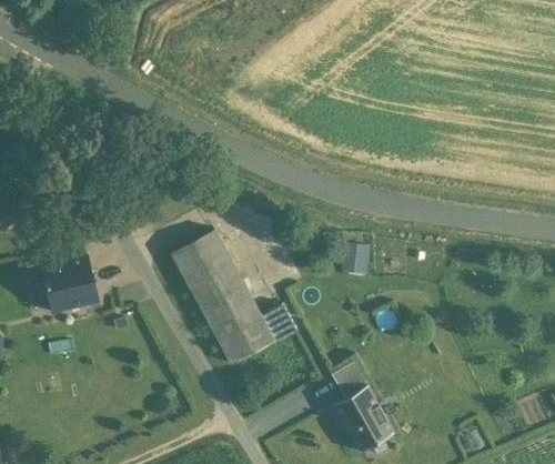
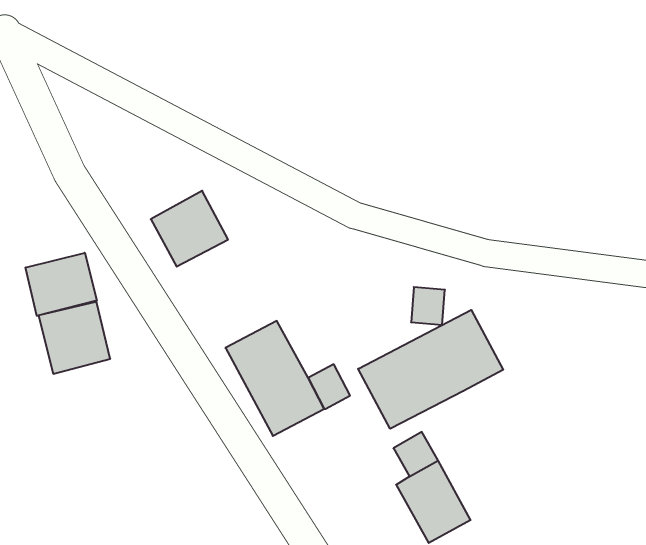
building: none -> [26,253,97,316]
building: [172,230,235,292] -> [151,191,228,267]
building: none -> [358,310,503,429]

